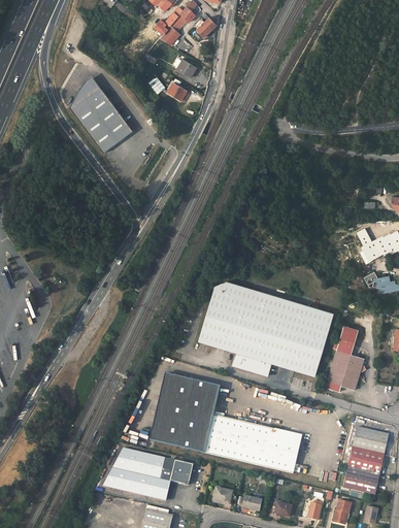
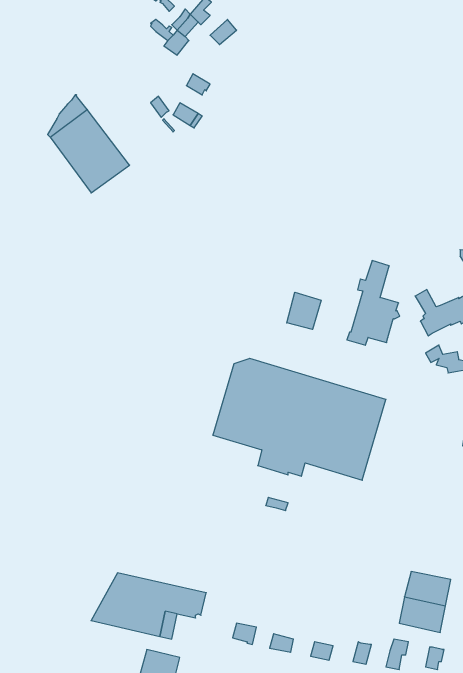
building: none -> [287,292,321,329]
building: [325,325,366,391] -> [347,261,400,345]
building: [149,372,302,472] -> none
building: [353,426,389,453] -> none

